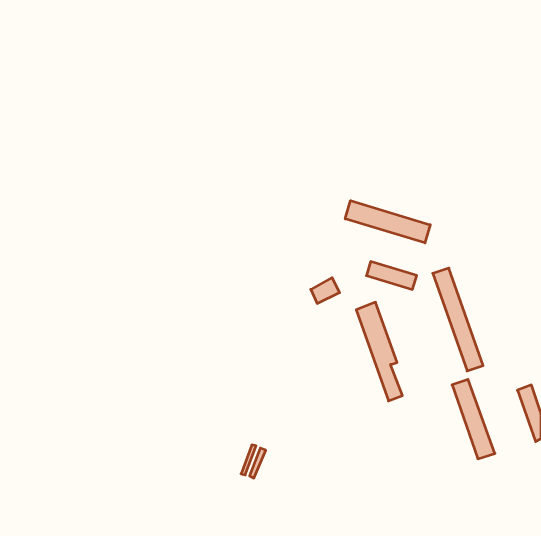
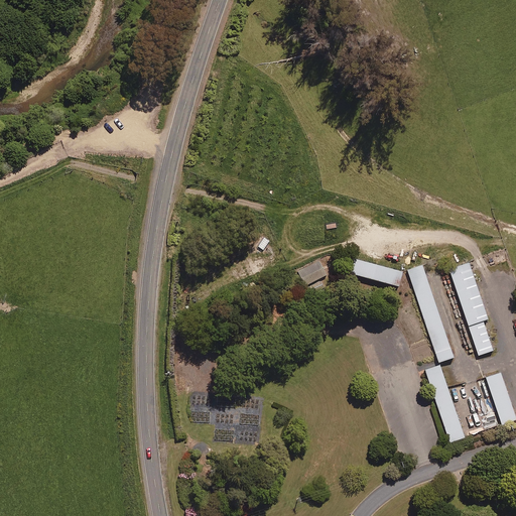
building: [345,201,430,243] -> none
building: [356,302,402,401] -> [448,262,492,355]

